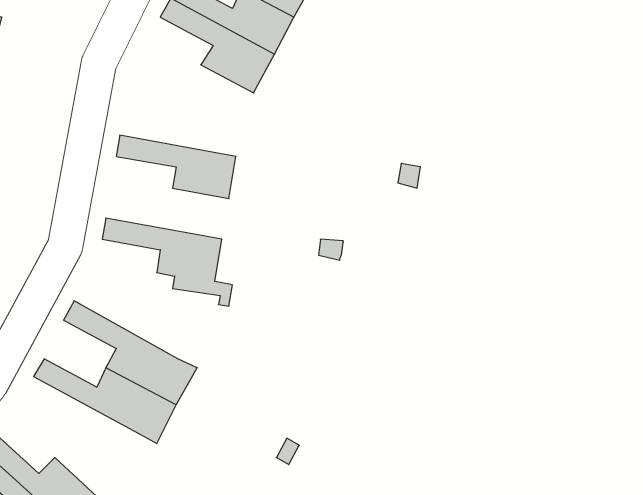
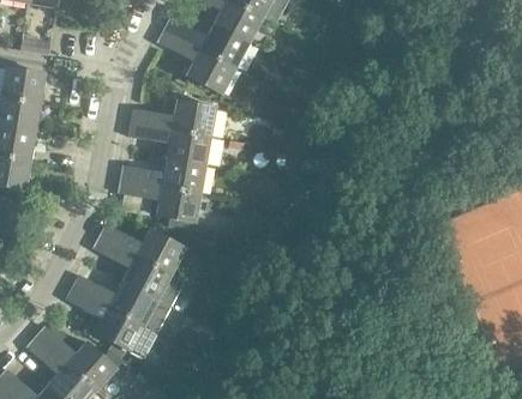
building: none -> [131,99,216,137]
building: none -> [121,158,205,193]
building: none -> [100,223,185,274]
building: none -> [65,286,156,358]

